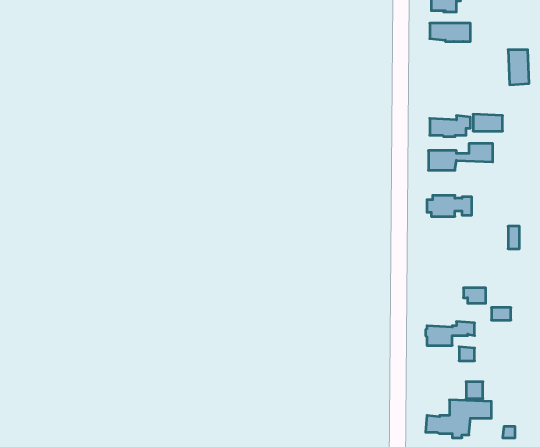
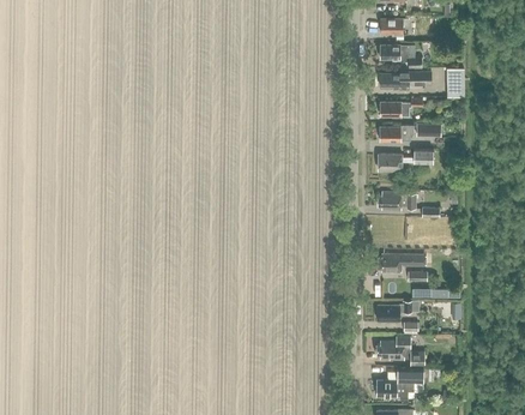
building: none -> [379,71,430,89]
building: none -> [379,98,422,118]
building: none -> [376,253,426,272]
building: none -> [375,336,410,360]

